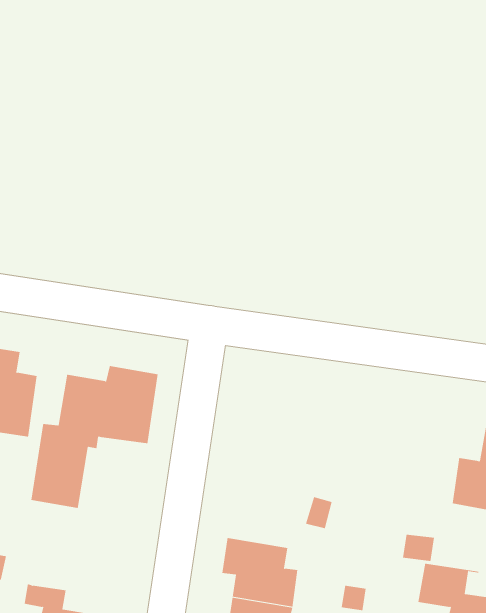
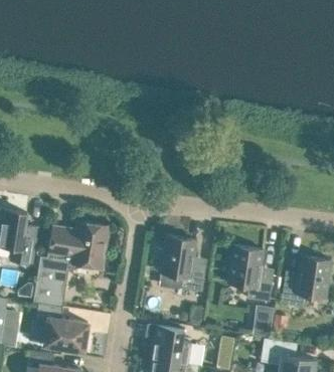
building: none -> [161,236,205,292]
building: none -> [227,246,273,303]
building: none -> [32,302,88,351]

